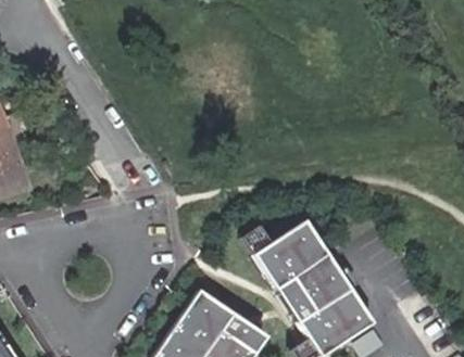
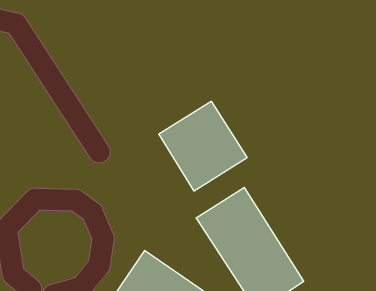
building: none -> [159,101,247,191]

